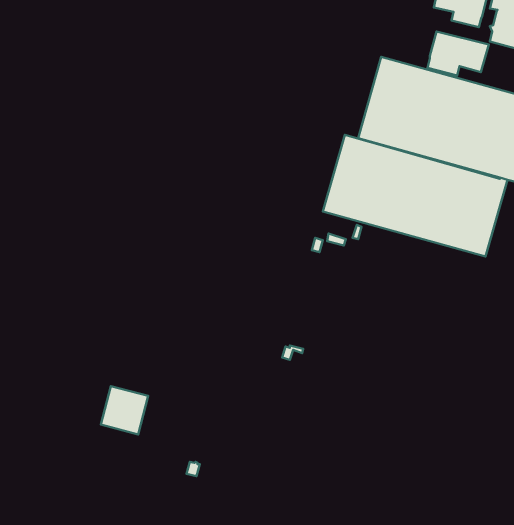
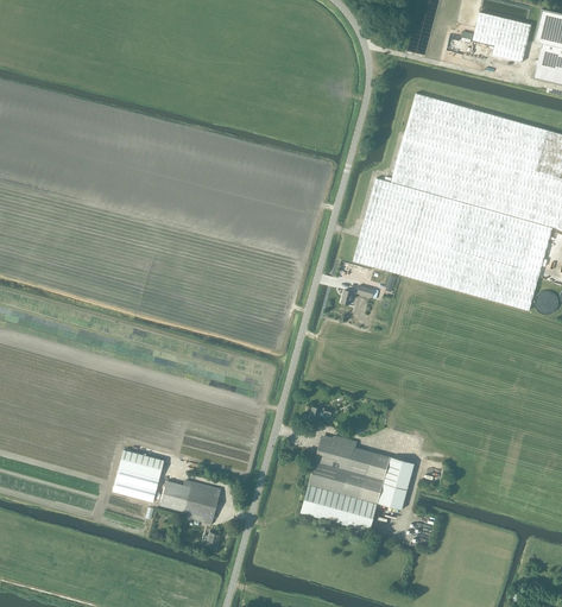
building: [428,32,489,76] -> none
building: none -> [302,438,415,531]
building: none -> [158,480,222,525]

